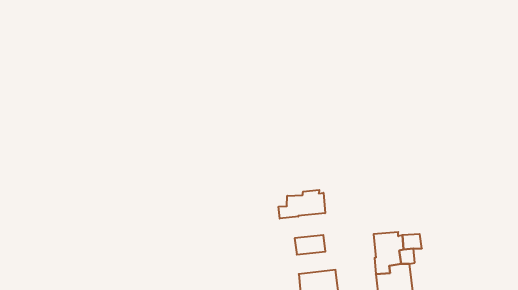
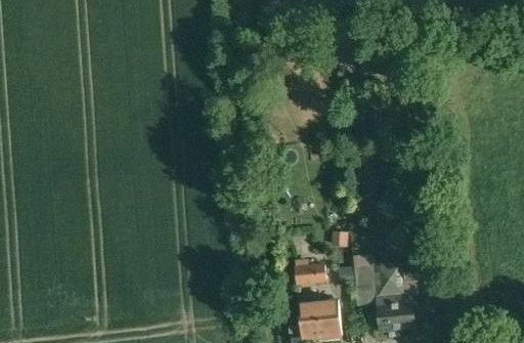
building: [279,190,325,219] -> none
building: none -> [352,264,376,291]

